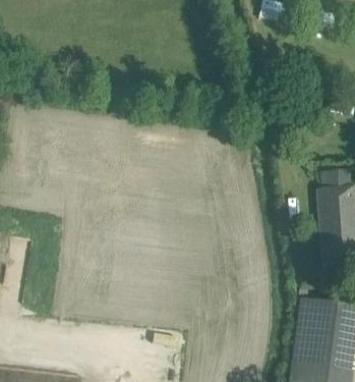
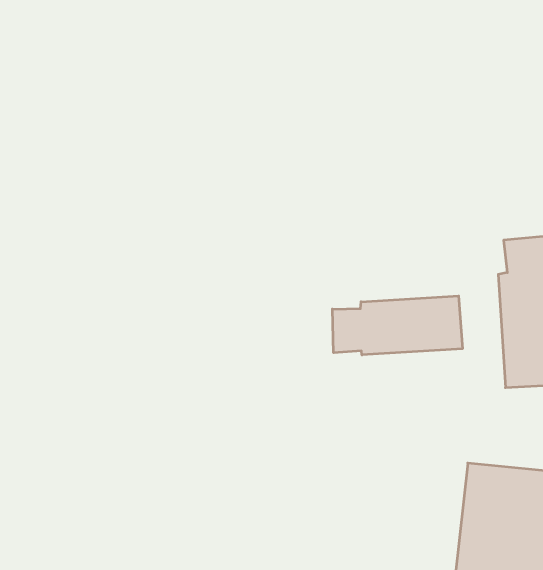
building: none -> [332,296,462,355]

